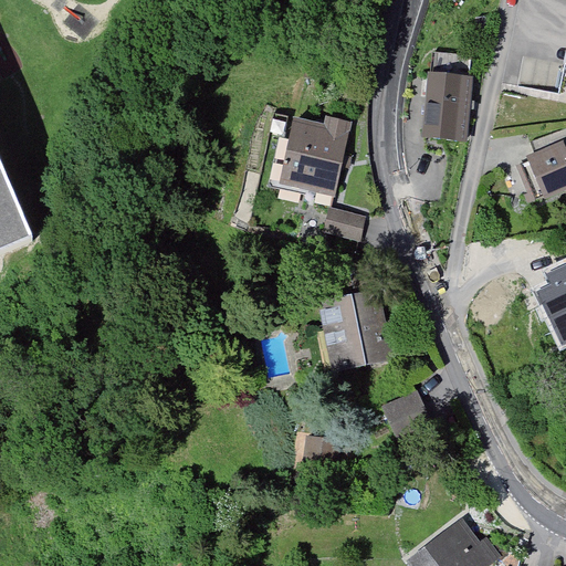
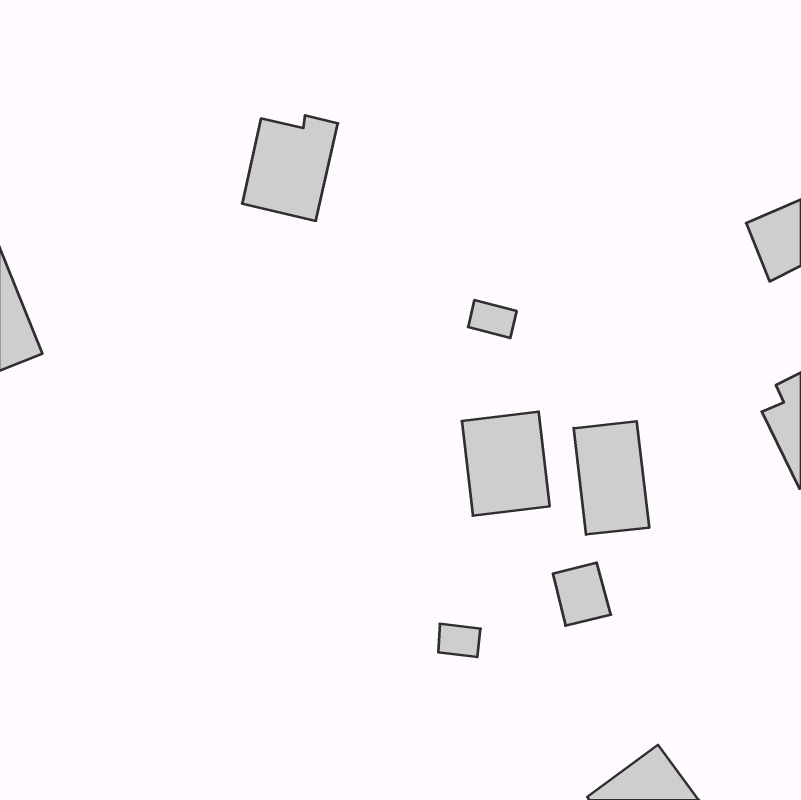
building: [426,53,471,138] -> none
building: [282,117,349,191] -> [242,115,338,221]
building: none -> [574,421,649,535]

